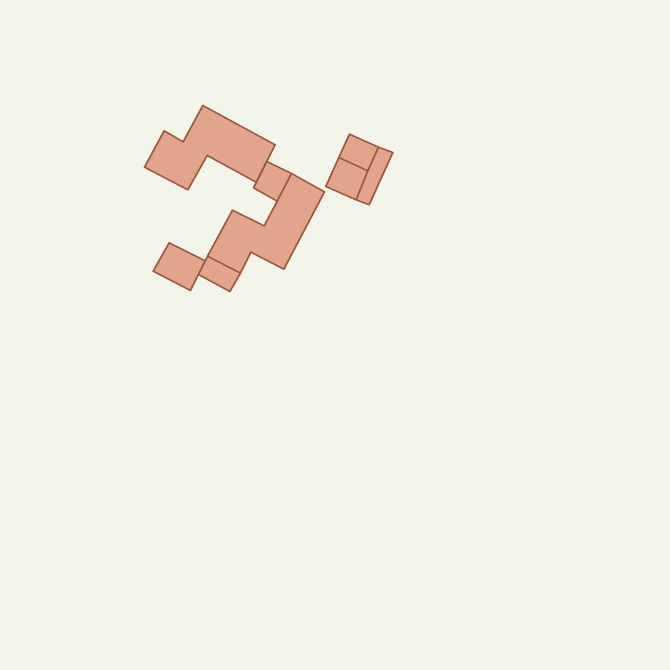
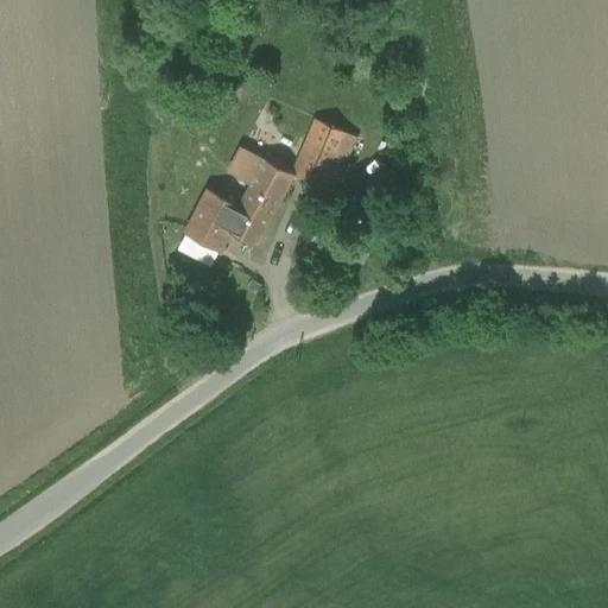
building: [144,105,275,190] -> none
building: [153,243,205,291] -> none

